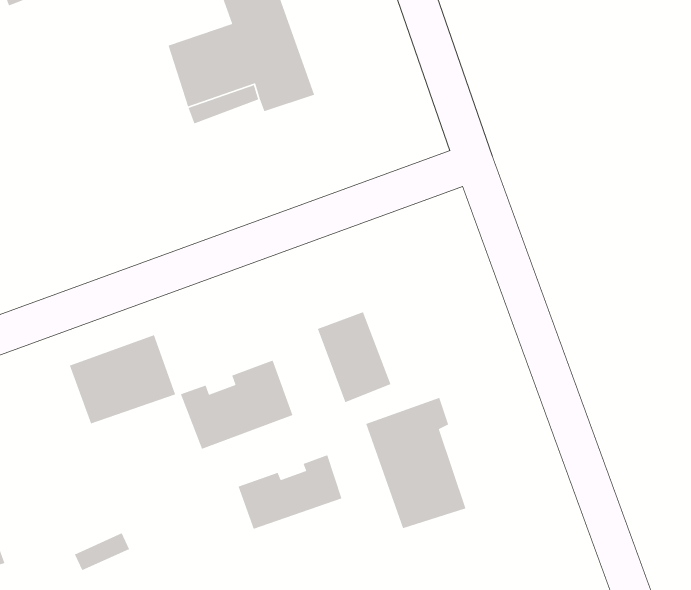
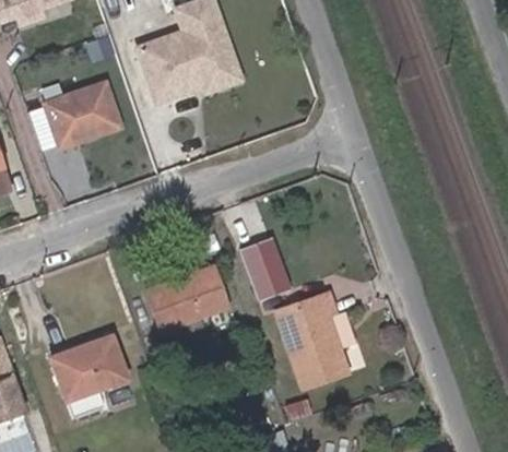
building: none -> [46,82,119,145]
building: [69,334,176,424] -> [51,335,127,399]
building: [237,454,342,530] -> none

